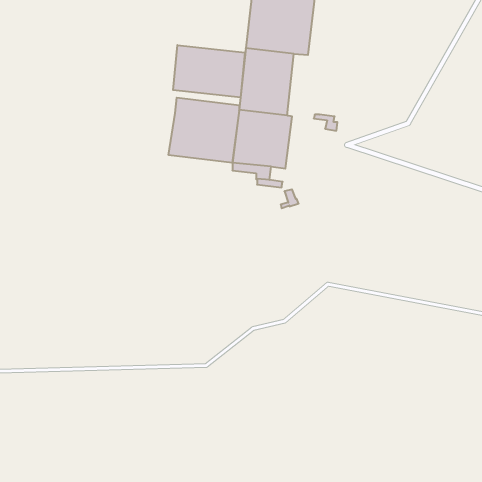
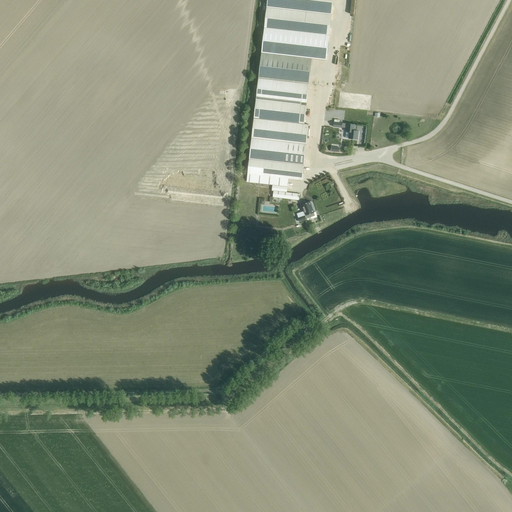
building: [173,45,245,97] -> none
building: [169,98,239,163] -> none

